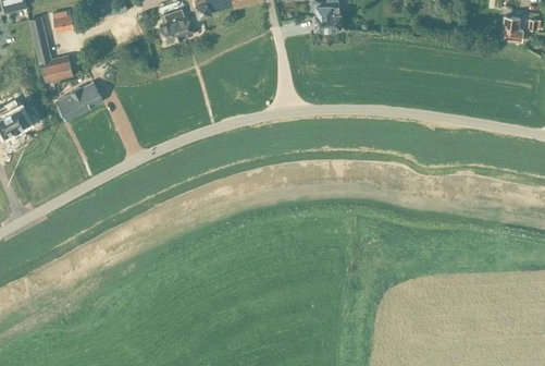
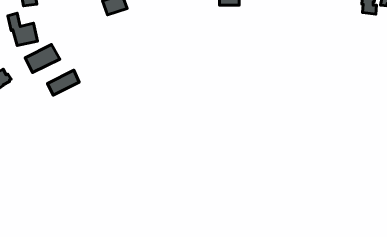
building: none -> [47,70,79,95]

